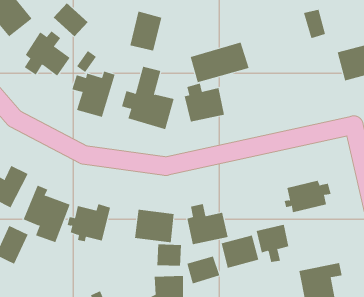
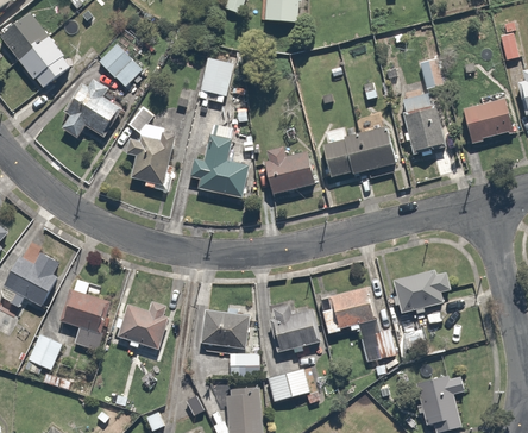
building: [190,42,250,83] -> [321,127,397,180]
building: none -> [401,98,447,156]
building: [221,235,259,268] -> [331,284,379,327]

